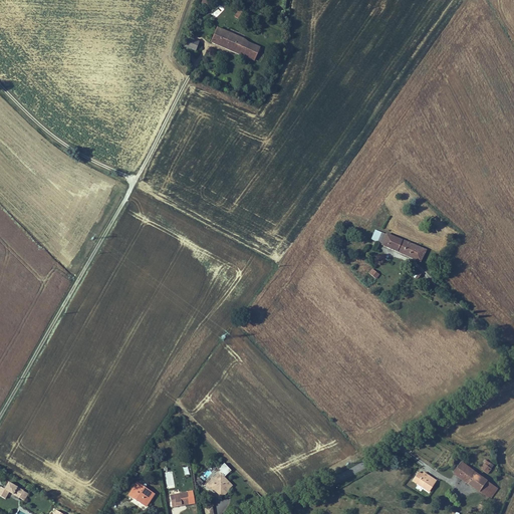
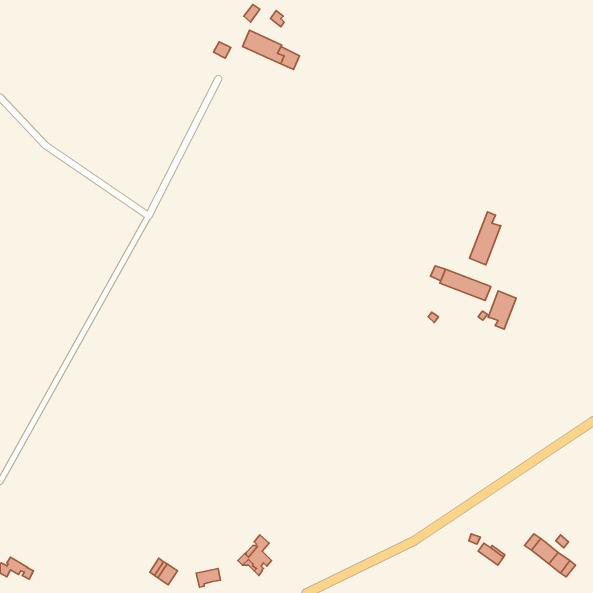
building: none -> [470,212,501,265]
building: none -> [488,291,516,329]

